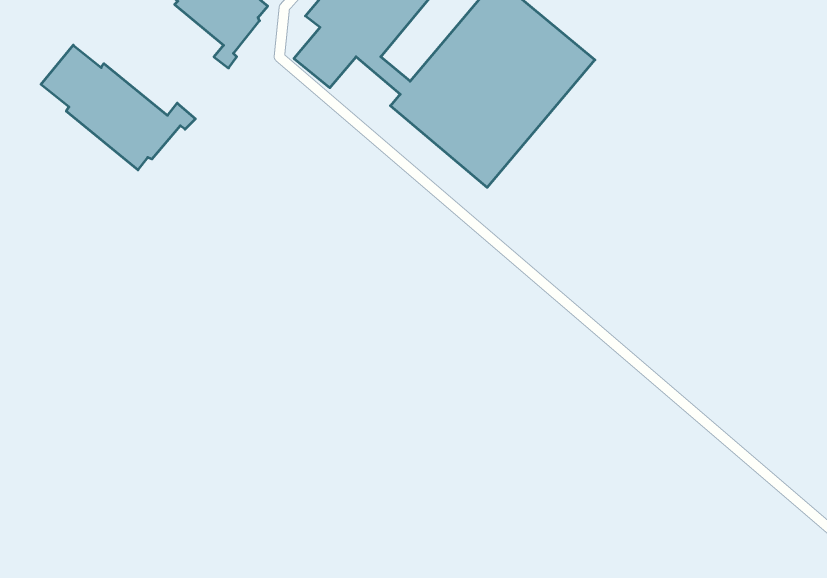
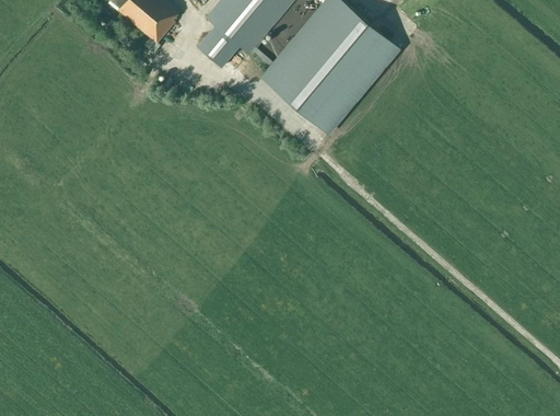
building: [41,45,195,170] -> none

